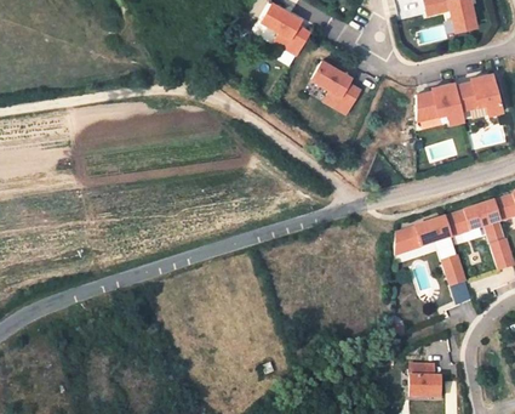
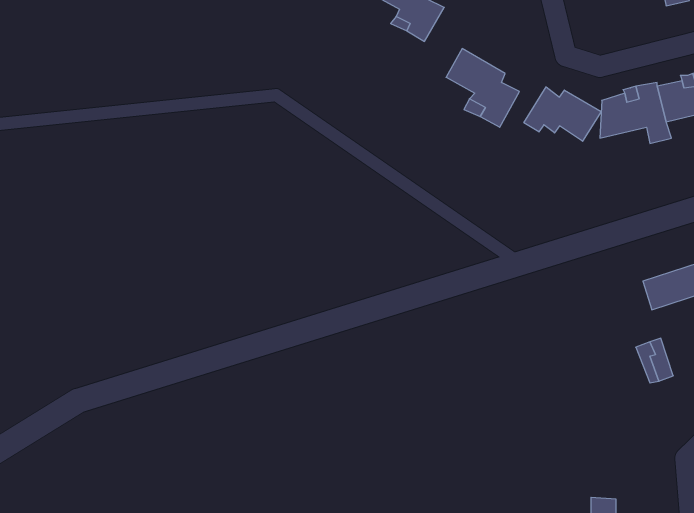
building: none -> [524,87,601,141]
building: [395,217,451,256] -> none

